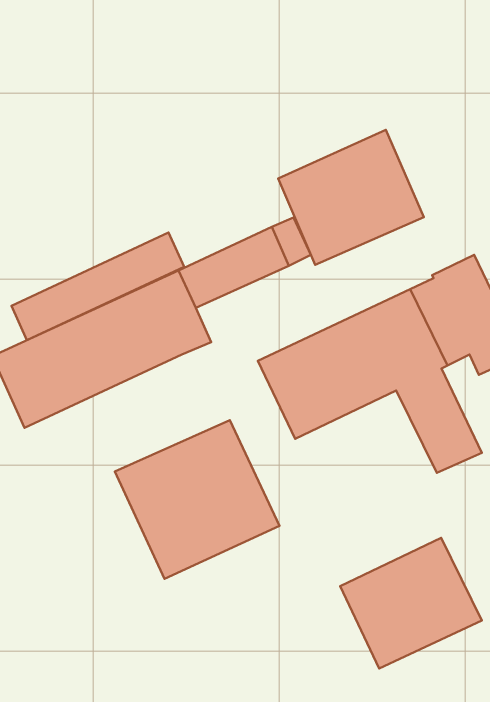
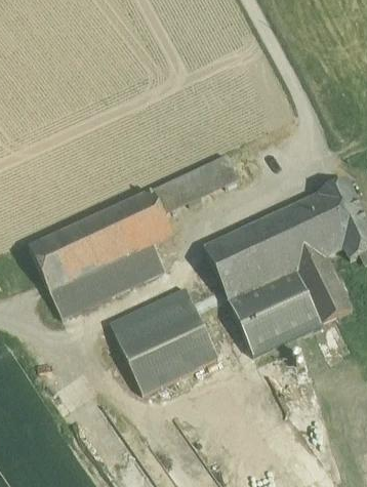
building: [278,130,424,265] -> none
building: [11,233,184,340] -> [50,244,164,315]
building: [340,538,482,669] -> [229,268,322,354]

